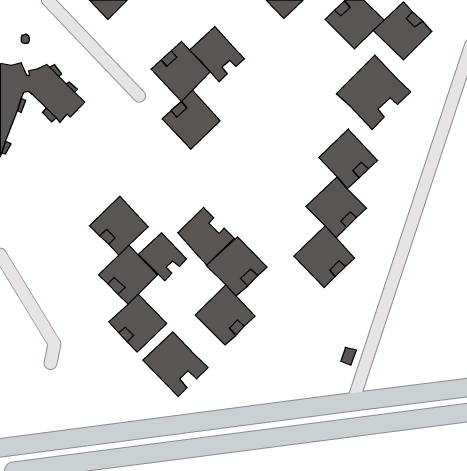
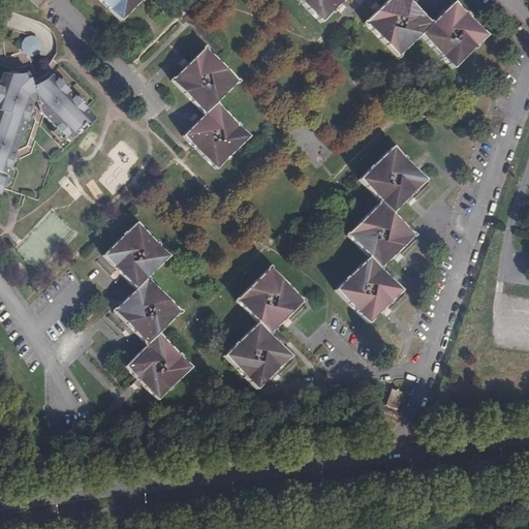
building: [190,26,245,82] -> none
building: [336,55,411,130] -> none
building: [178,207,234,265] -> none
building: [138,233,187,281] -> none
building: [143,332,208,397] -> none

